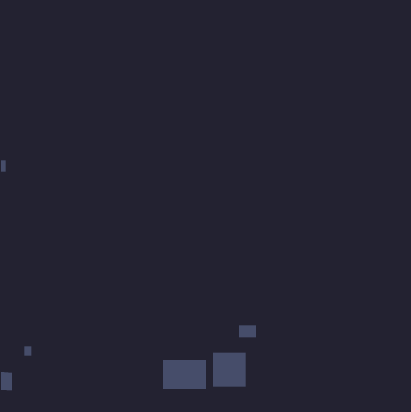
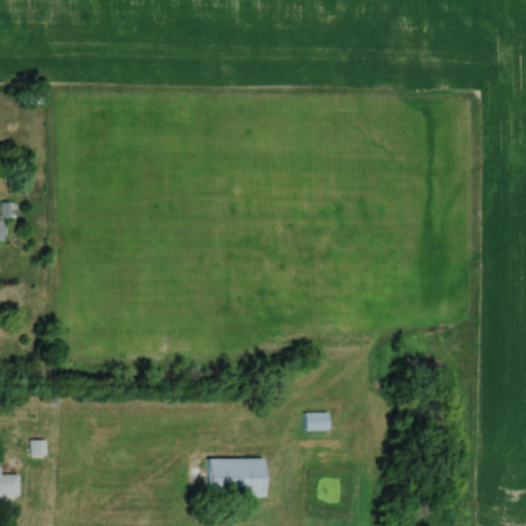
building: [213,352,246,387] -> none

